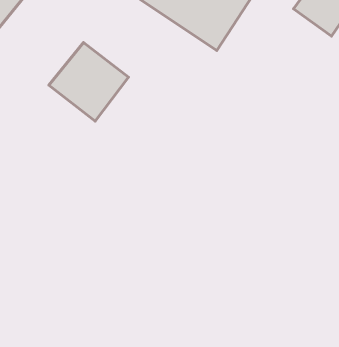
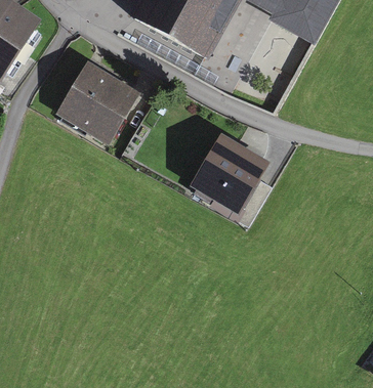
building: none -> [196,136,262,204]

